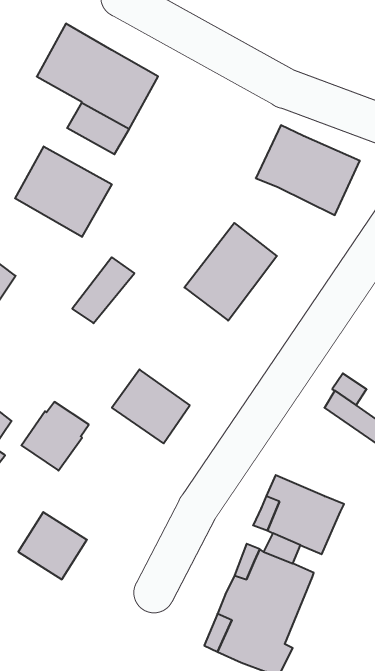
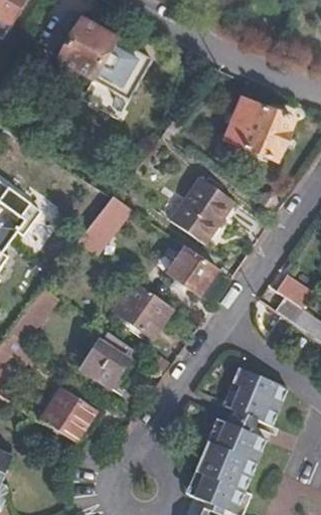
building: [15,146,112,237] -> none
building: none -> [168,246,218,295]
building: [21,402,89,471] -> [83,333,134,385]

